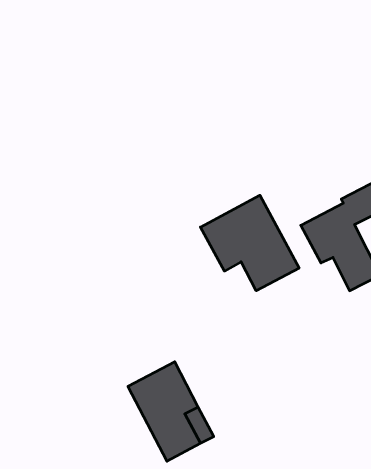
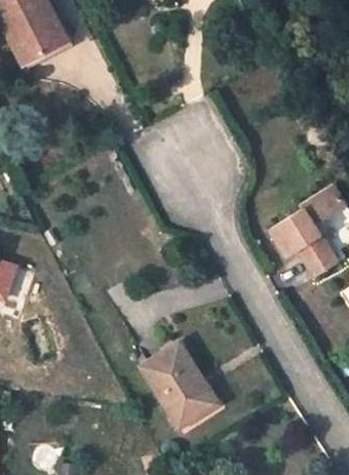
building: [200,195,299,291] -> none

